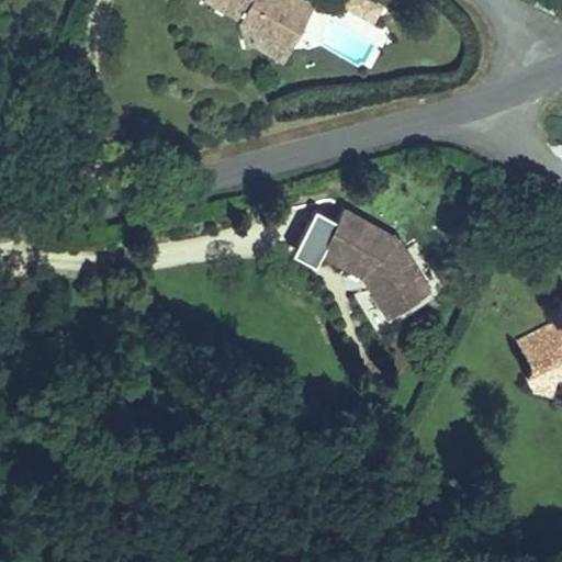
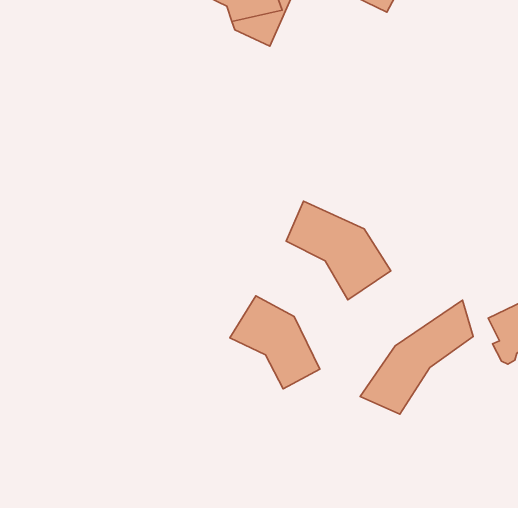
building: none -> [230,296,320,389]
building: none -> [360,300,473,414]

